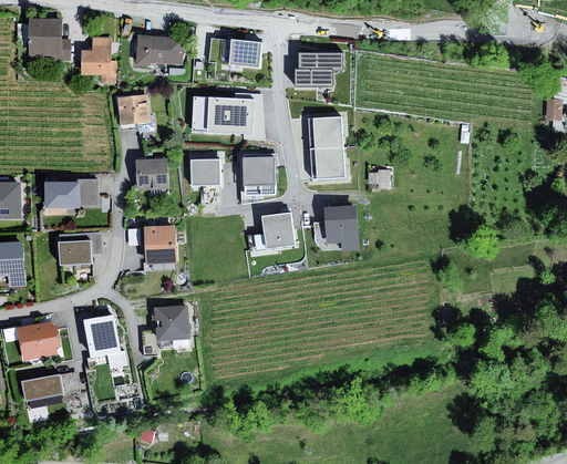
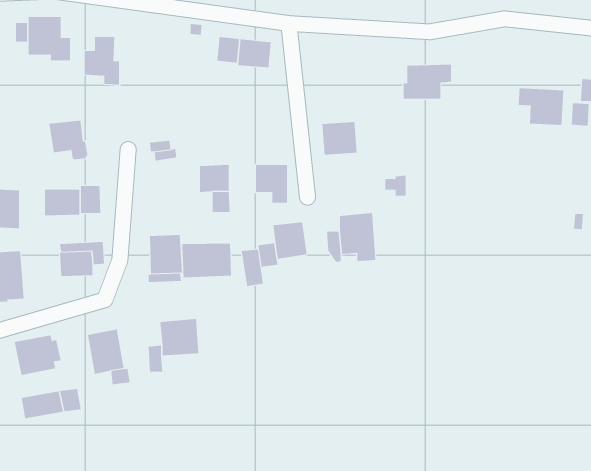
building: [134,34,184,66] -> none
building: [296,52,342,85] -> [403,64,452,99]
building: none -> [518,88,564,126]
building: [116,94,154,132] -> [49,120,88,160]
building: [199,97,260,138] -> none
building: [310,147,344,179] -> none
building: [136,158,169,189] -> none
building: none -> [182,243,232,278]
building: none -> [241,249,263,287]

